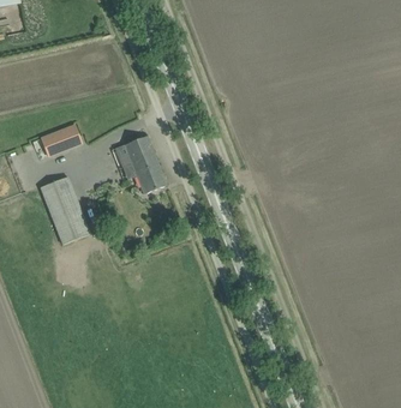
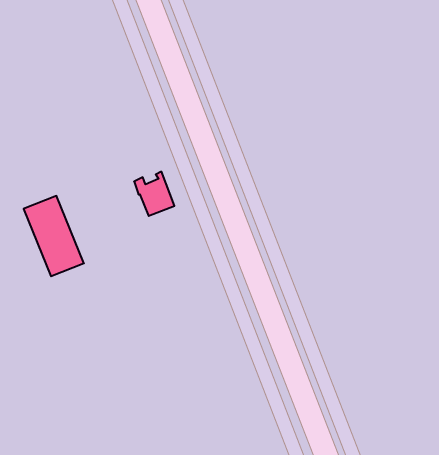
building: [40,125,80,156] -> none
building: [122,137,154,168] -> none

